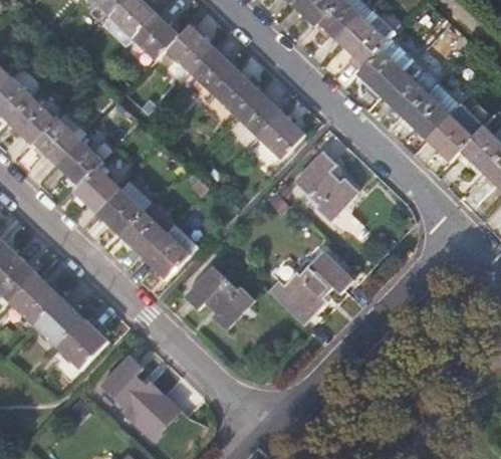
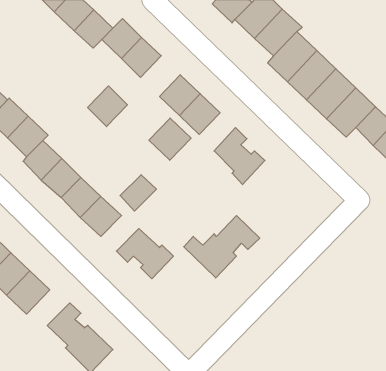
building: [211,67,257,114] -> [88,86,127,127]
building: none -> [149,118,191,160]
building: none -> [120,175,156,211]

